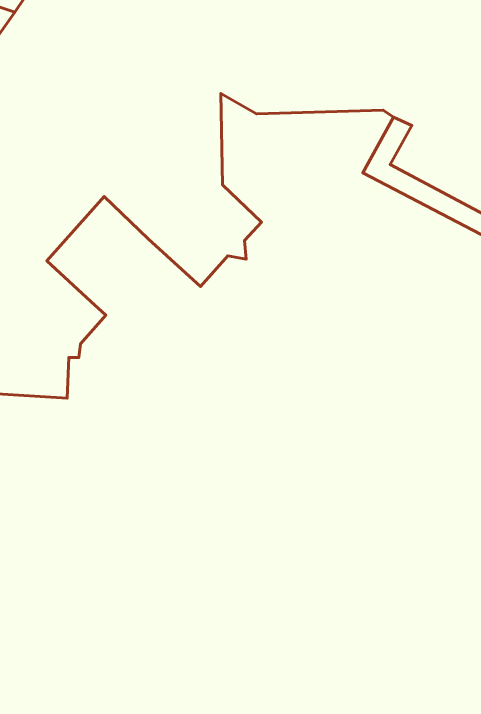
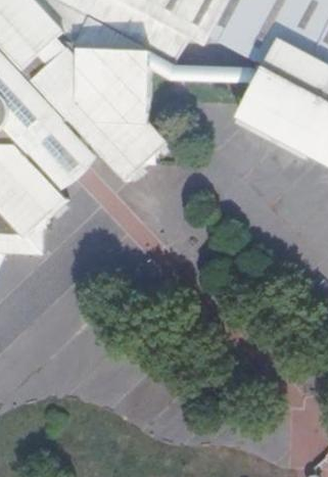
building: none -> [38,128,99,191]

